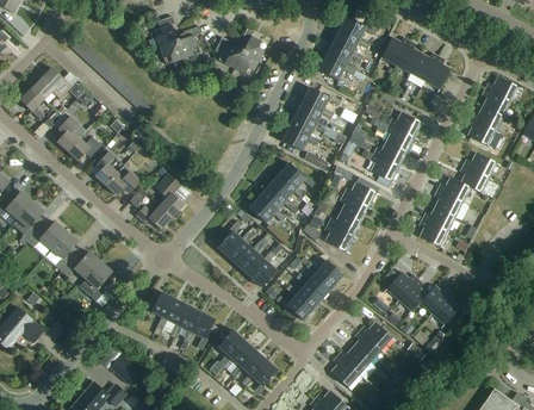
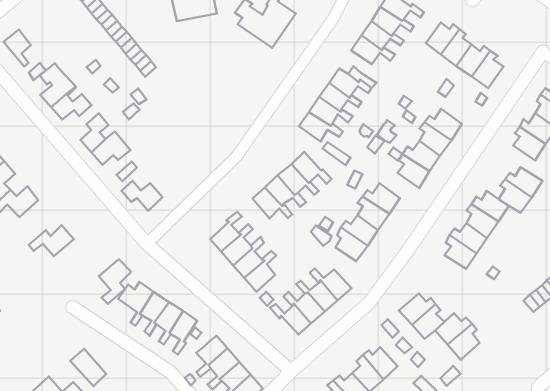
building: [31,67,72,99] -> none
building: [155,173,184,216] -> none
building: [51,231,77,271] -> none
building: [85,261,112,300] -> [99,259,131,304]

